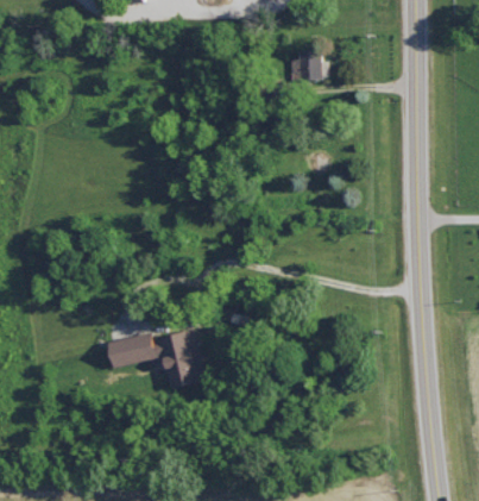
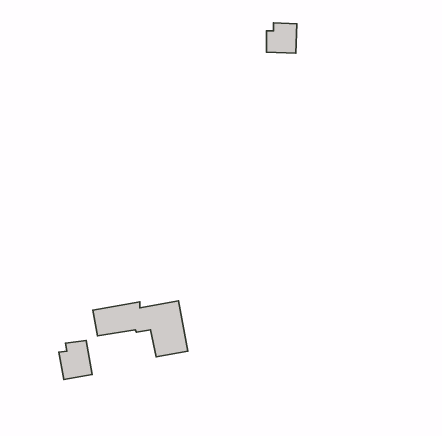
building: none -> [59,340,92,379]

